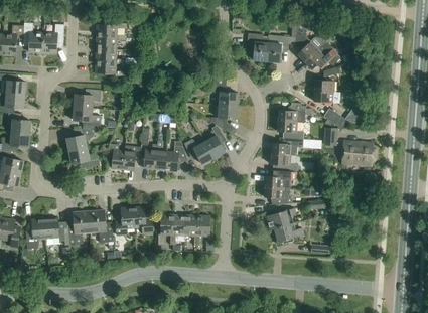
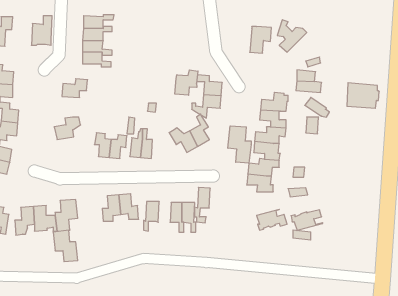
building: [23,22,44,54] -> none
building: [247,33,269,61] -> none
building: [305,41,340,69] -> none
building: none -> [175,70,198,95]
building: [74,107,102,128] -> none
building: none -> [228,126,251,163]
building: [342,140,376,166] -> [347,83,379,108]
building: [166,141,188,171] -> none
building: [69,148,100,168] -> none
building: [265,208,297,229] -> [291,210,323,231]
building: [89,210,114,243] -> [53,230,78,262]
building: [170,214,186,251] -> [194,187,210,223]

